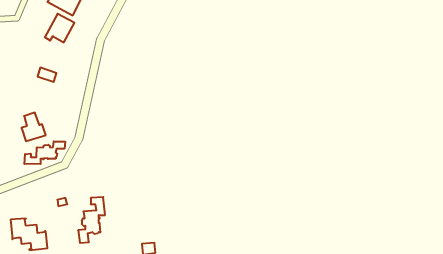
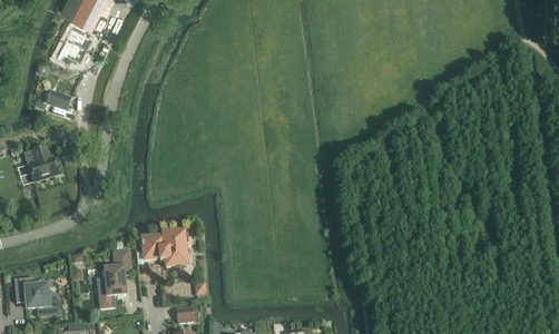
building: [24,141,65,164] -> none
building: none -> [141,233,188,268]

